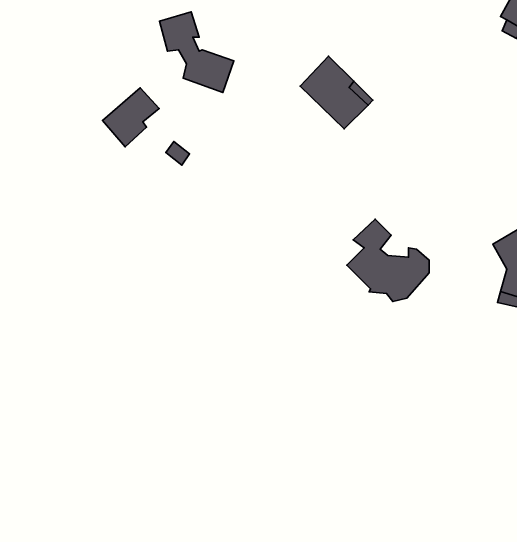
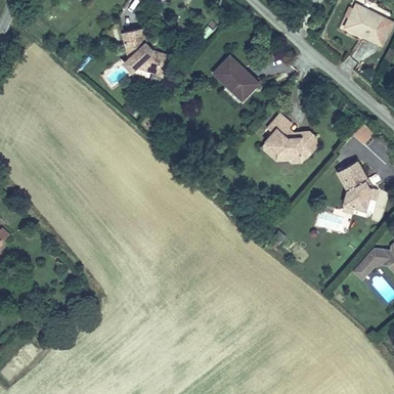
building: [103,88,159,147] -> none
building: [347,219,429,301] -> [264,113,317,166]

